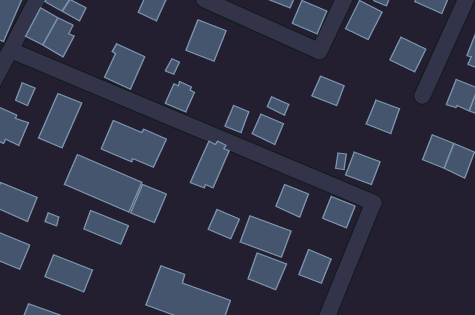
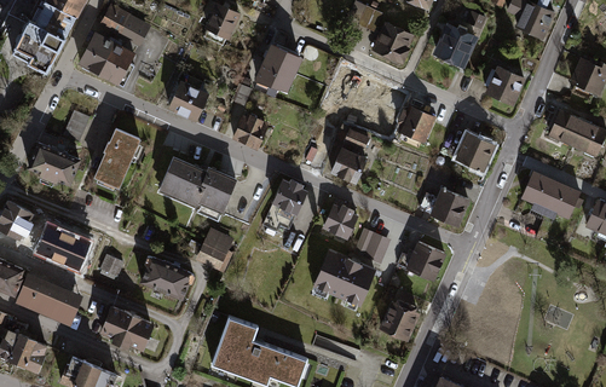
building: [64,155,142,212] -> none
building: [208,210,239,239] -> [322,203,357,236]
building: [248,253,286,290] -> none

